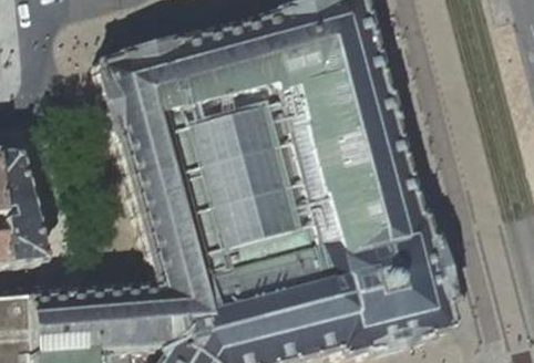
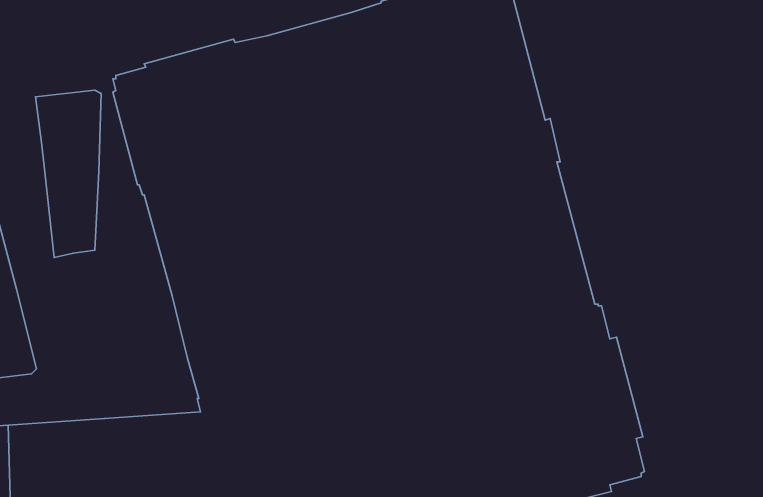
building: none -> [35,90,101,258]

